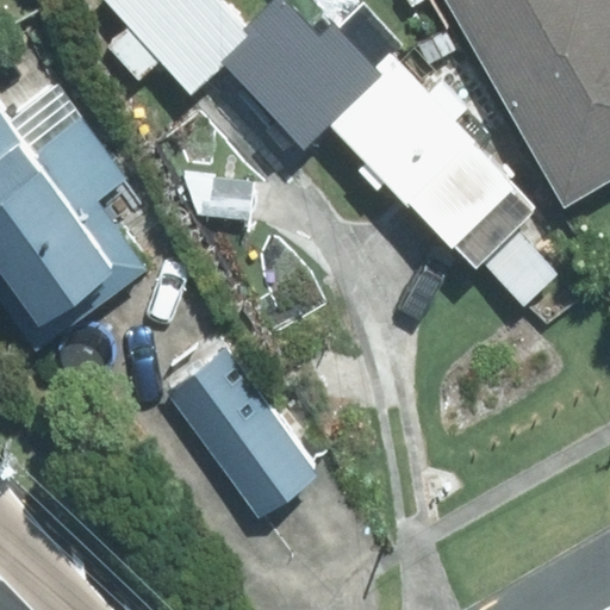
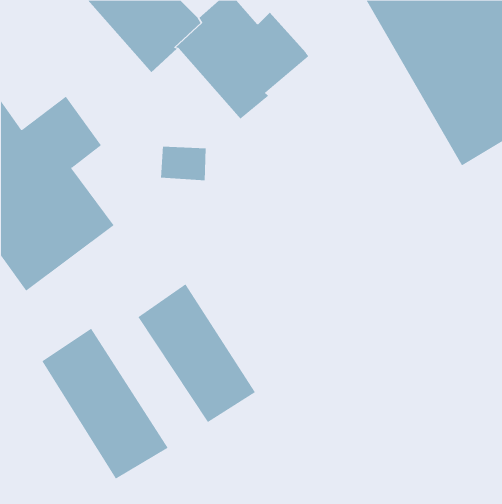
building: [324,49,505,243] -> none
building: none -> [41,328,169,479]

